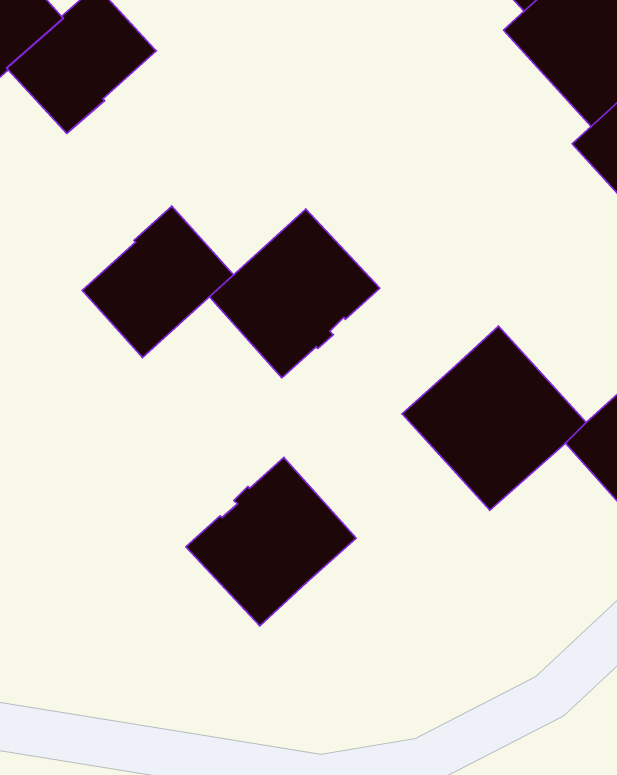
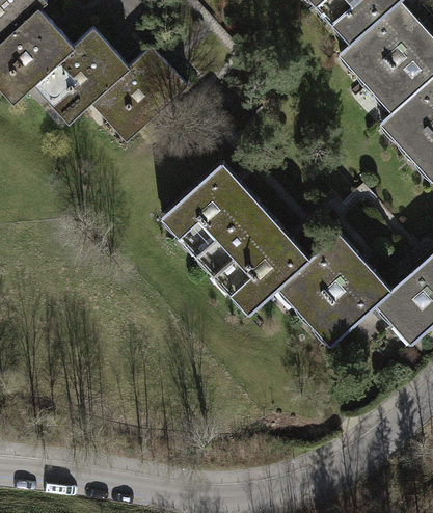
building: [82,206,234,358] -> [98,47,189,138]
building: [186,457,356,626] -> [206,212,308,314]

